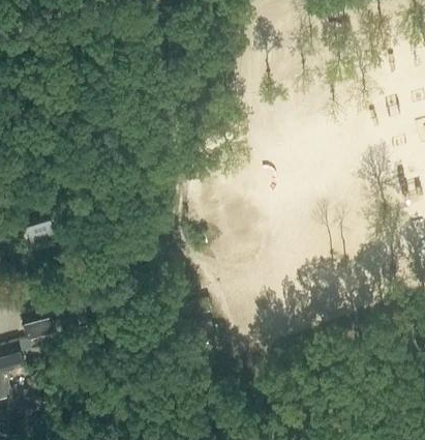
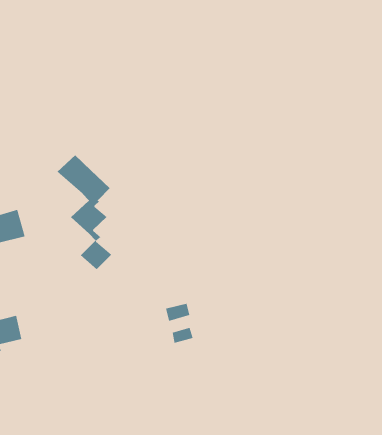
building: none -> [57,155,112,270]

